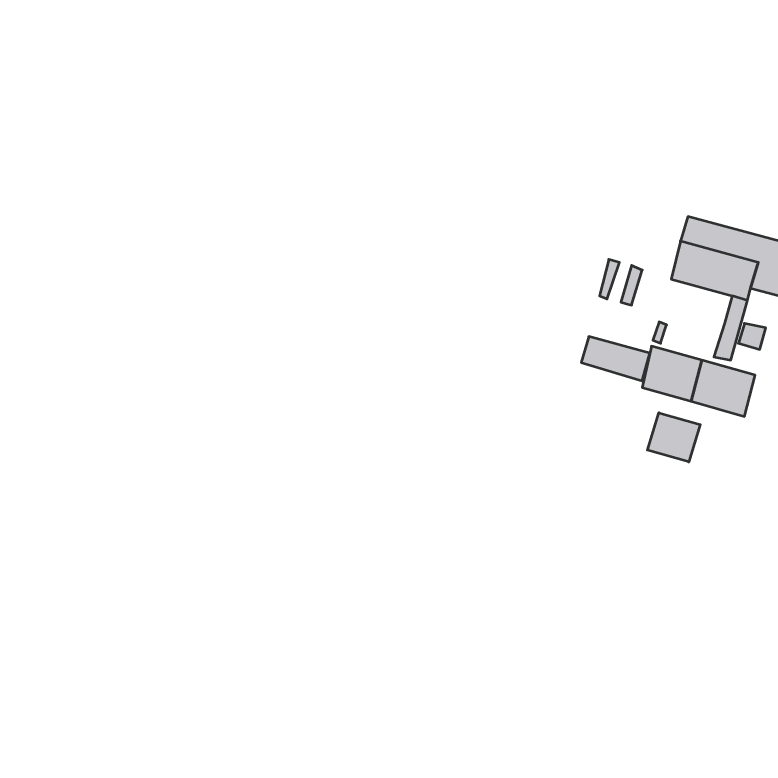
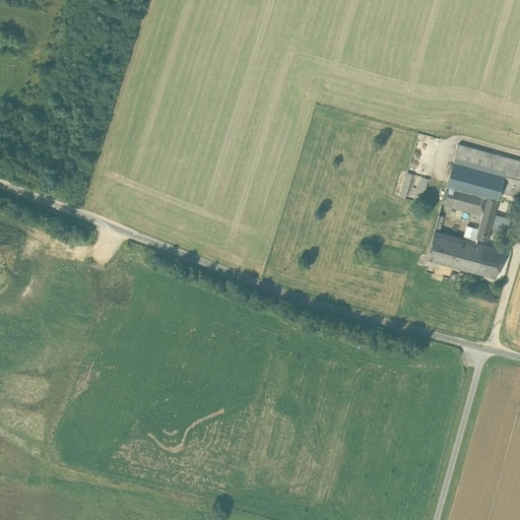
building: [581,337,650,381] -> [443,187,489,216]
building: [647,413,700,462] -> none

